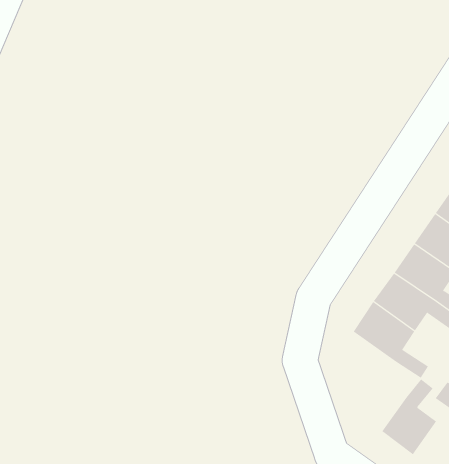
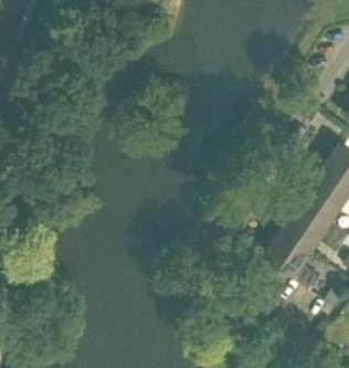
building: [382,379,437,455] -> none

